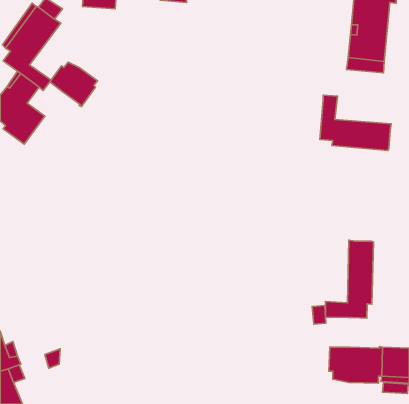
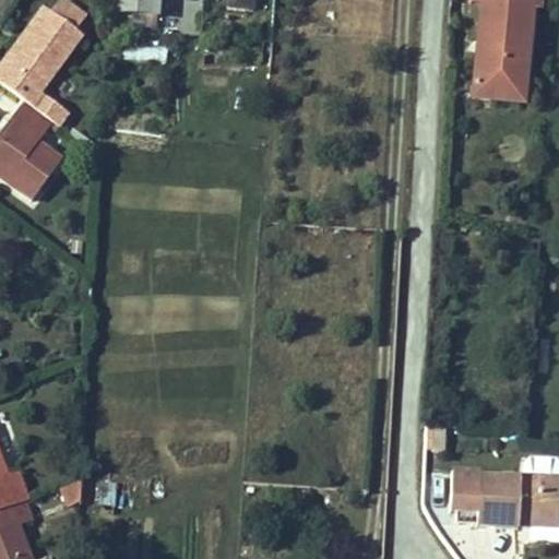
building: [50,62,97,106] -> none
building: [320,95,391,150] -> none
building: [325,240,374,318] -> none

